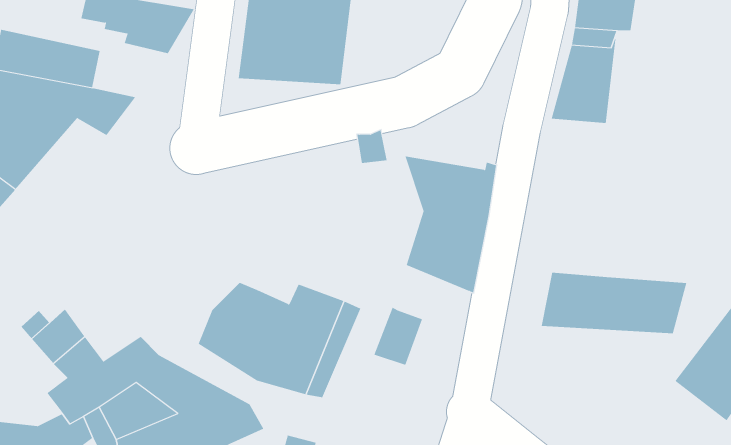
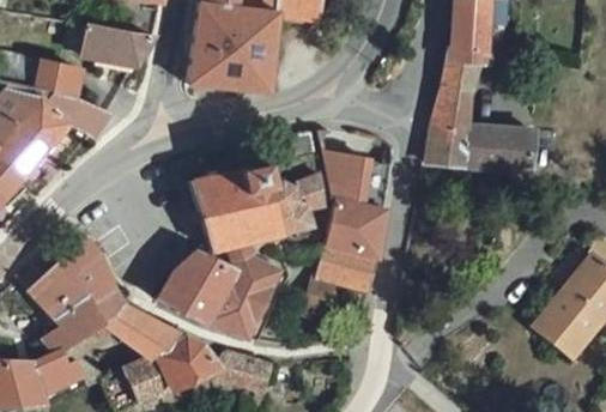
building: none -> [190,160,322,250]
building: none -> [315,236,370,286]
building: [541,272,687,334] -> [425,122,539,170]
building: none -> [56,242,115,310]

